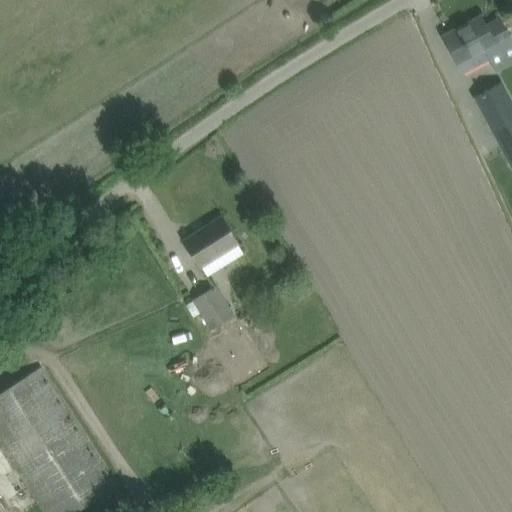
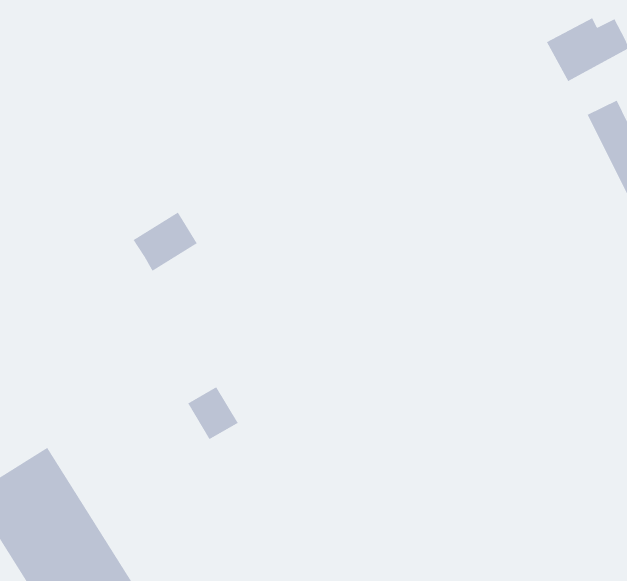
building: [184,219,237,268] -> [133,212,198,272]
building: [193,287,235,331] -> [187,386,239,440]

